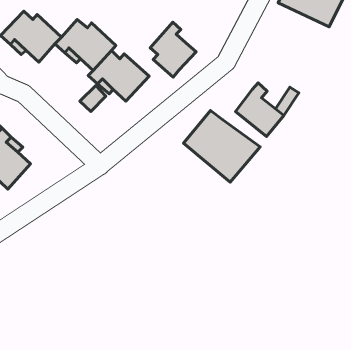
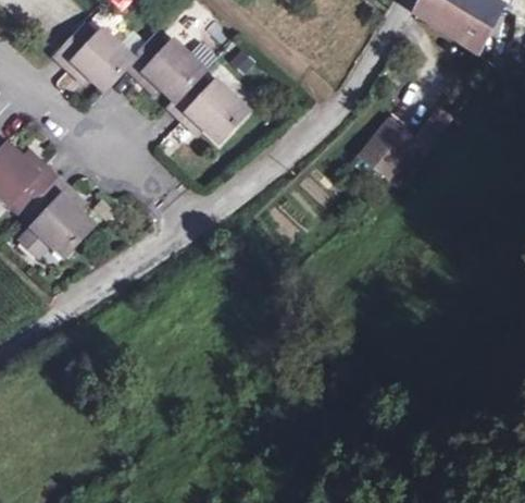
building: [150,22,196,77] -> none
building: [184,110,260,182] -> none

